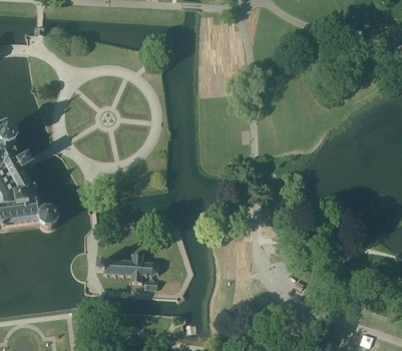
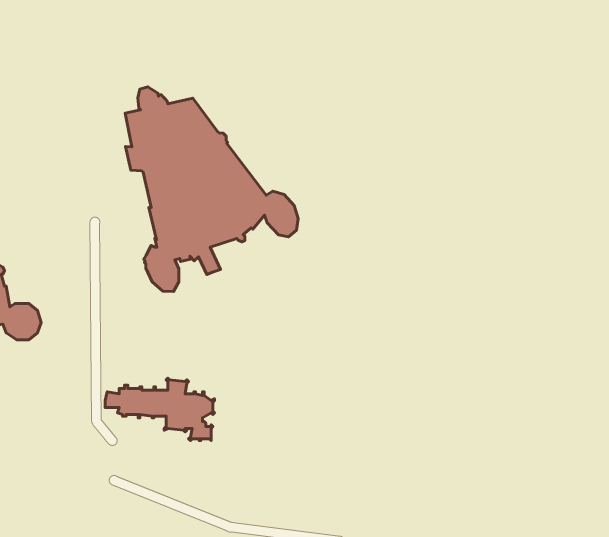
building: none -> [125,87,298,292]

